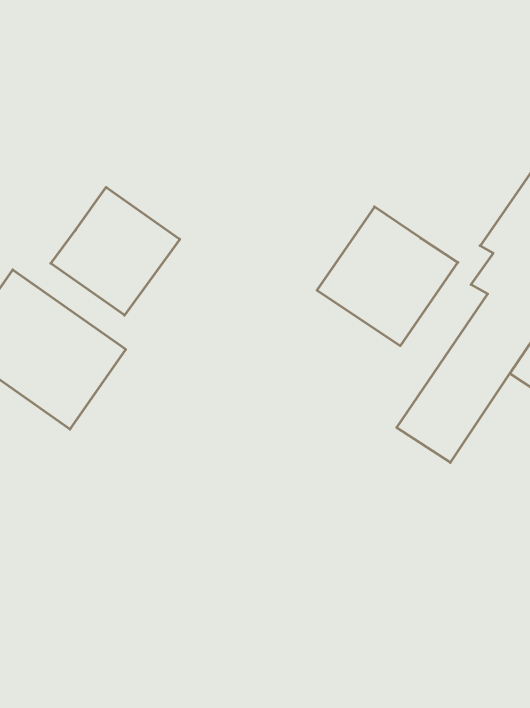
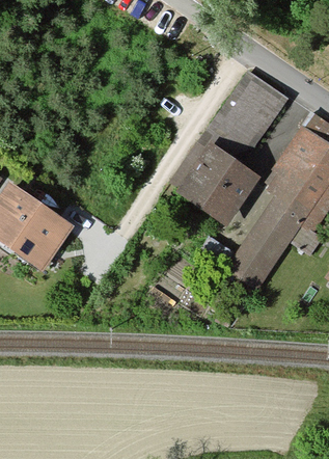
building: none -> [171,72,284,192]
building: [51,187,180,315] -> none

